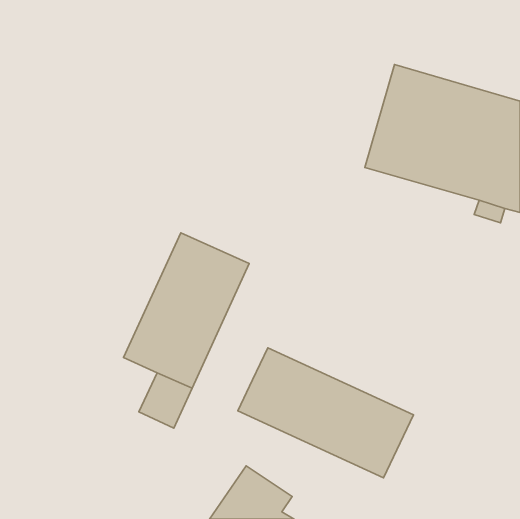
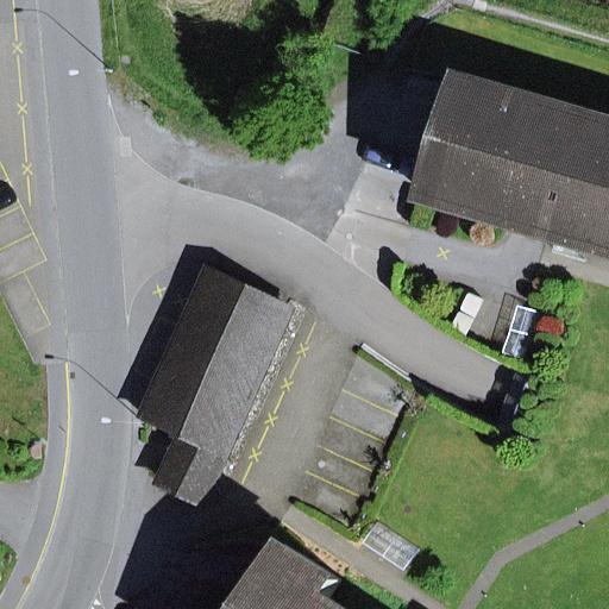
building: [238,348,413,478] -> none

